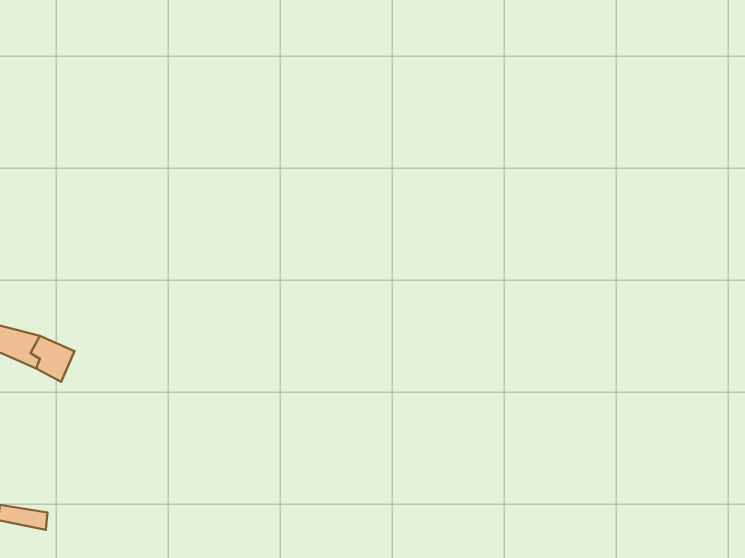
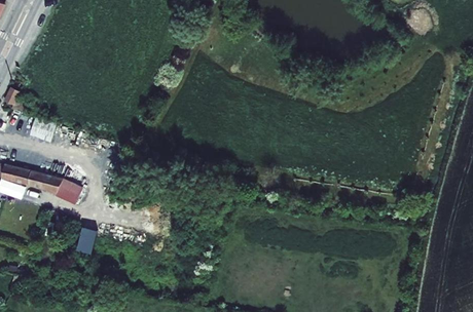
building: none -> [77,226,96,251]

